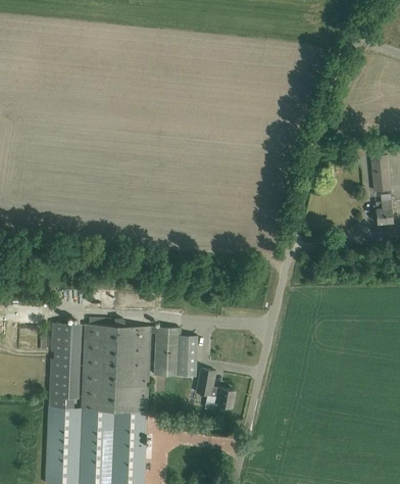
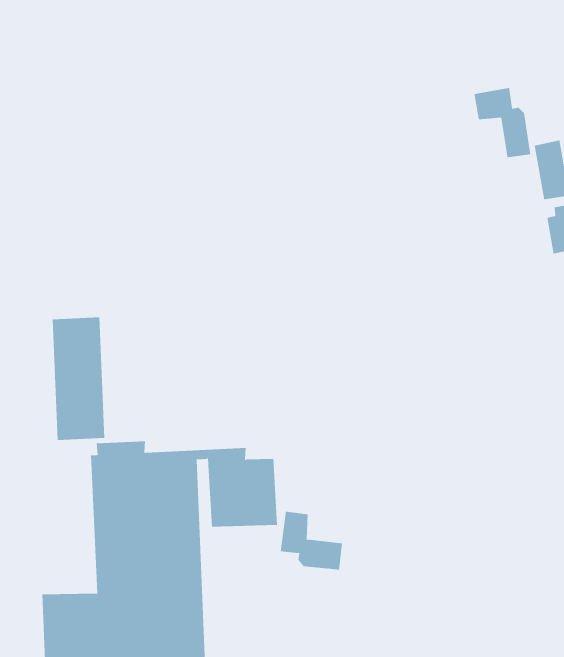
building: none -> [474,87,531,158]
building: [48,323,81,398] -> [52,317,105,441]

